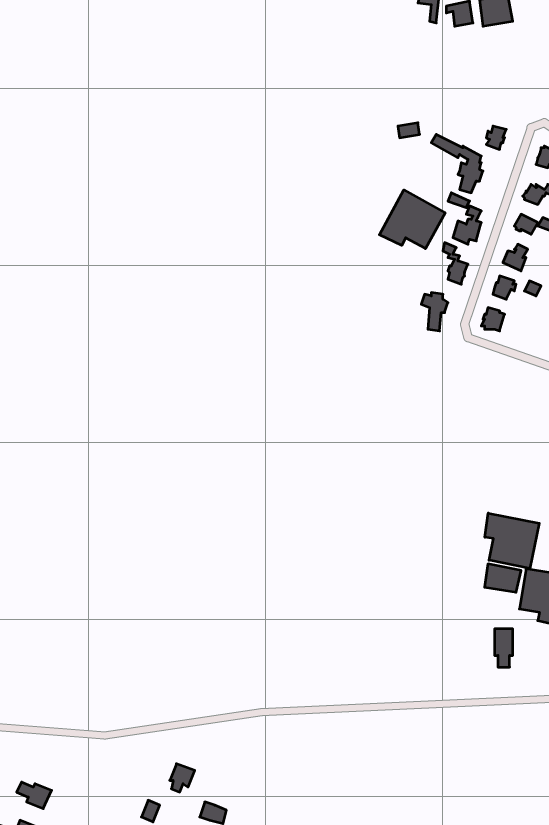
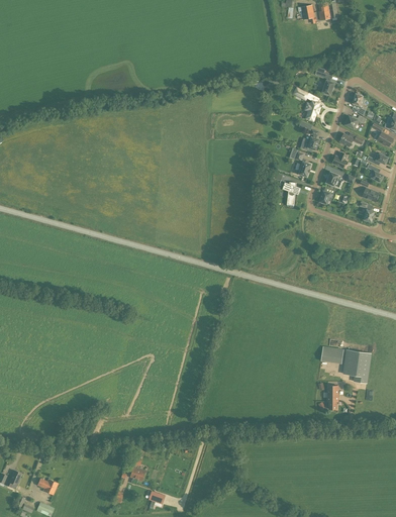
building: [379,190,445,249] -> none
building: [485,513,539,568] -> none

